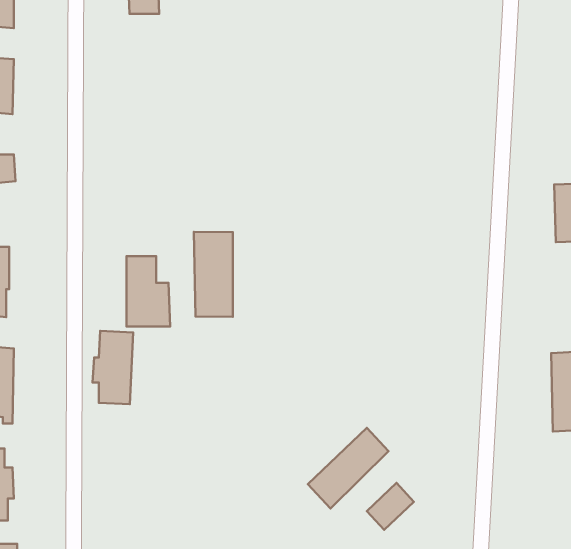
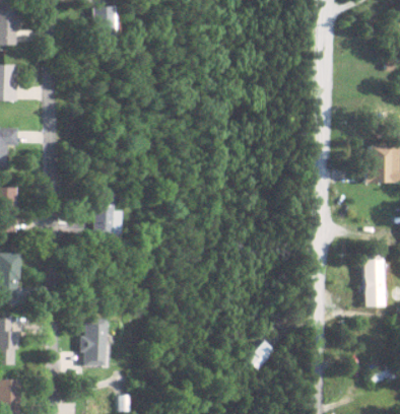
building: [194,232,233,317] -> none
building: [92,331,133,404] -> [77,319,104,366]
building: [308,428,388,508] -> none

